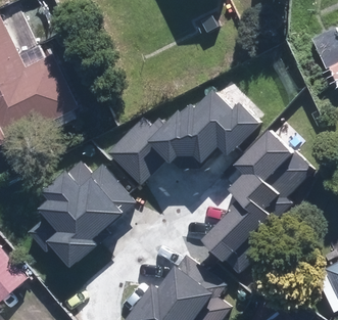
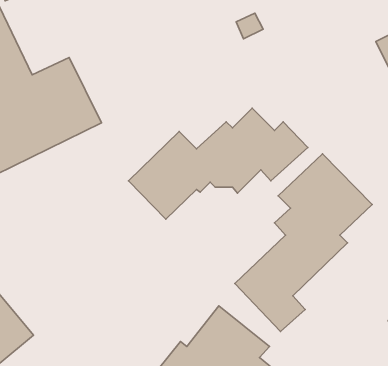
building: [27,162,132,269] -> none

